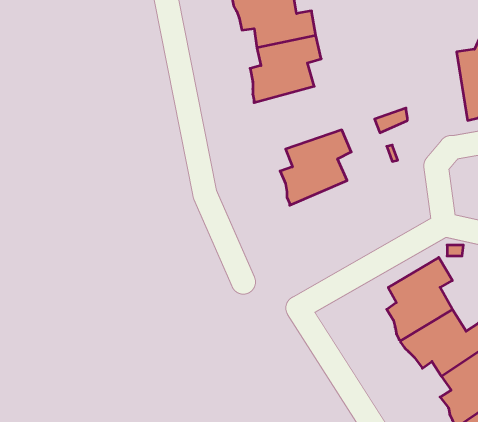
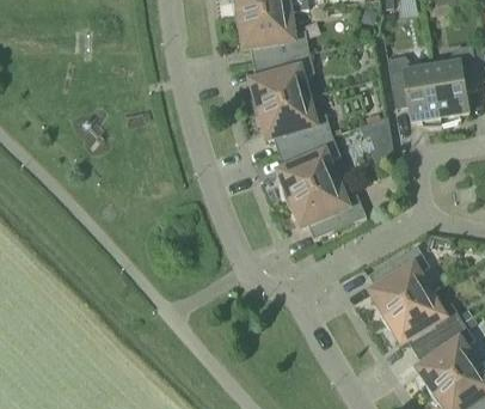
building: none -> [386,56,441,127]
building: none -> [254,96,331,151]
building: none -> [286,178,366,236]

